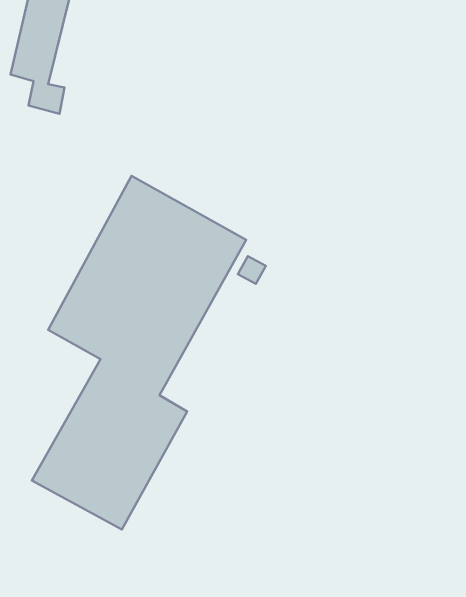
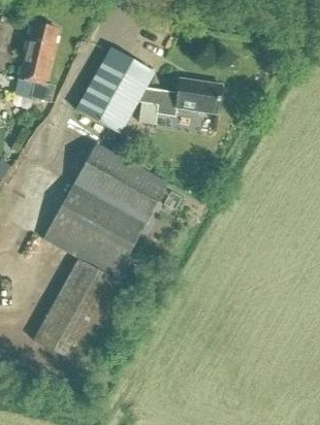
building: none -> [74,50,219,135]

